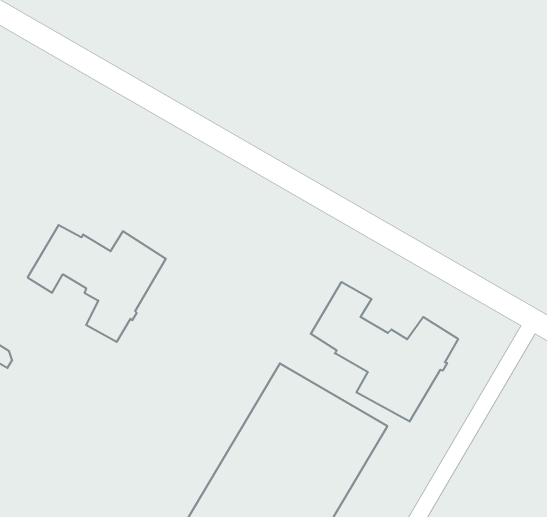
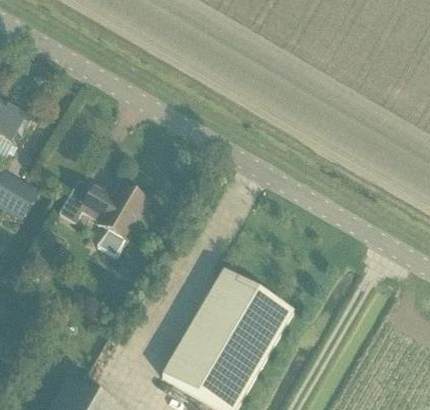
building: [311,282,458,422] -> none

